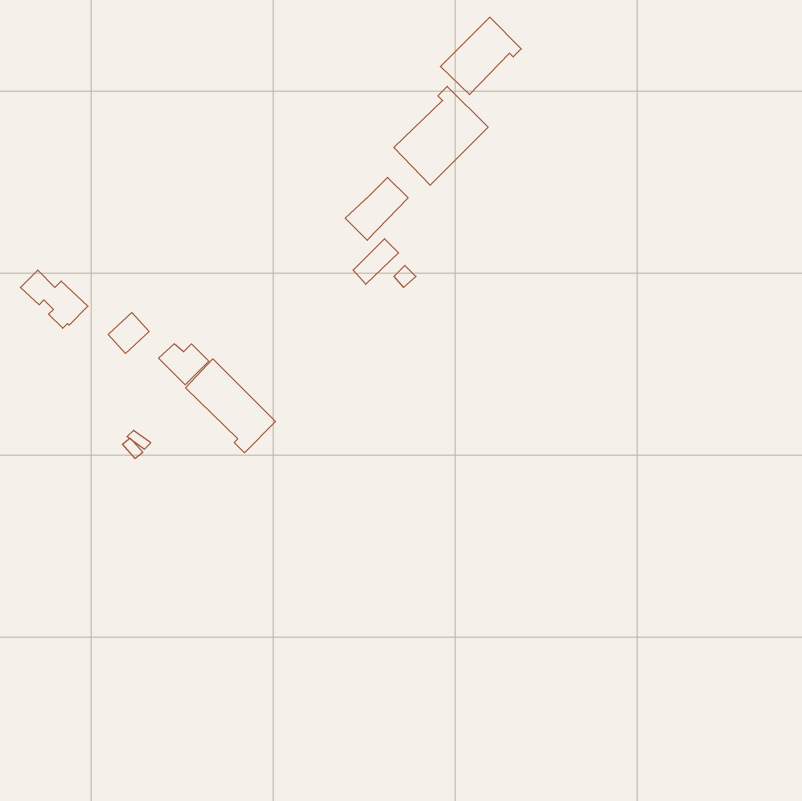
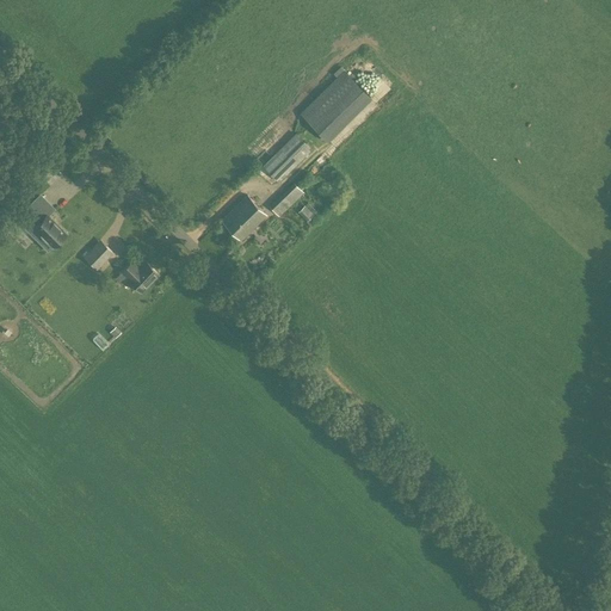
building: [440,17,521,95] -> none
building: none -> [221,197,266,242]
building: [186,359,275,453] -> none

